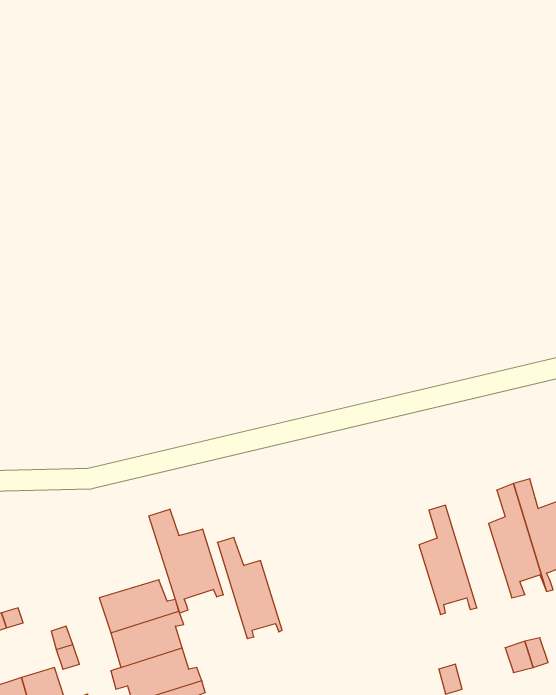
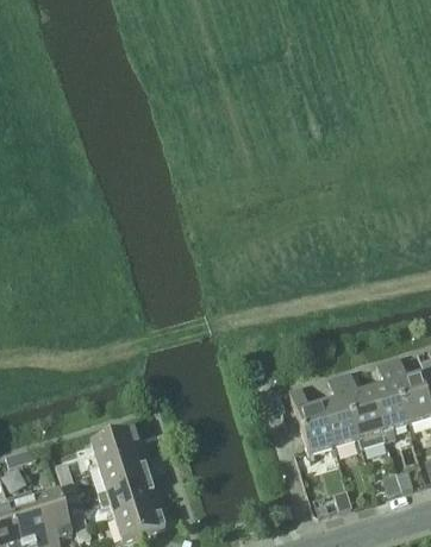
building: none -> [339,371,387,448]
building: [149,509,223,613] -> none
building: [217,537,282,639] -> [289,386,336,459]

